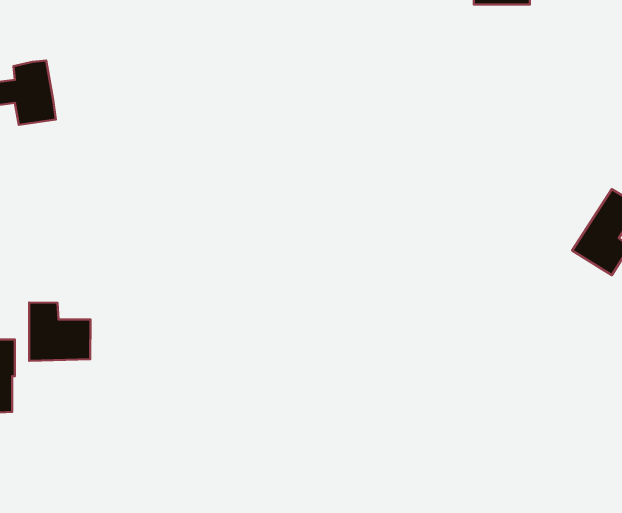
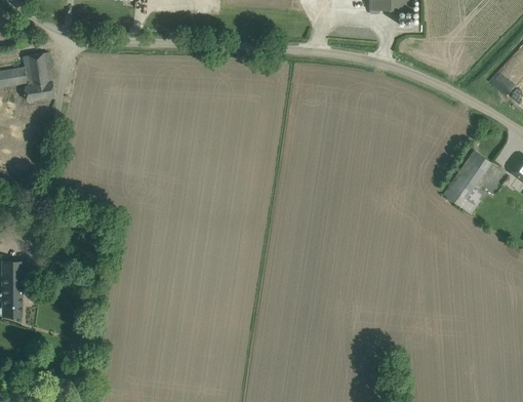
building: [29,303,91,361] -> none

